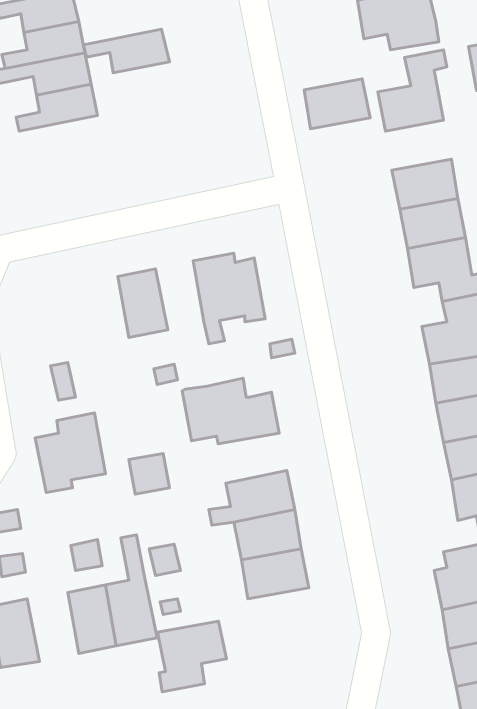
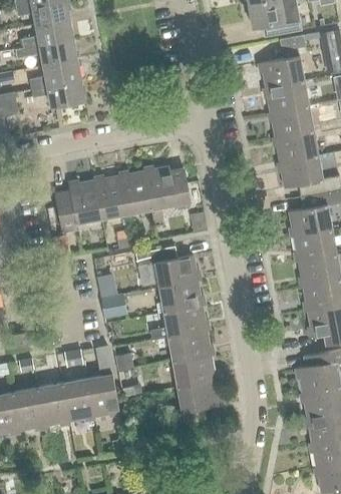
building: [83,29,169,73] -> [31,77,86,105]
building: [304,79,370,129] -> [266,80,308,112]
building: none -> [118,170,149,214]
building: [35,413,106,492] -> [56,180,101,231]
building: none -> [155,281,203,314]
building: none -> [36,383,69,427]
building: [158,621,226,692] -> [178,380,222,425]

